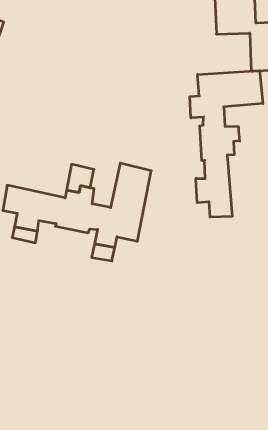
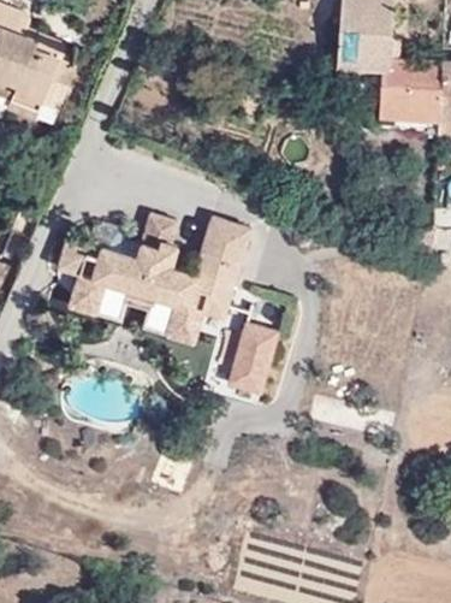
building: [190,71,263,217] -> none
building: none -> [224,330,277,403]

